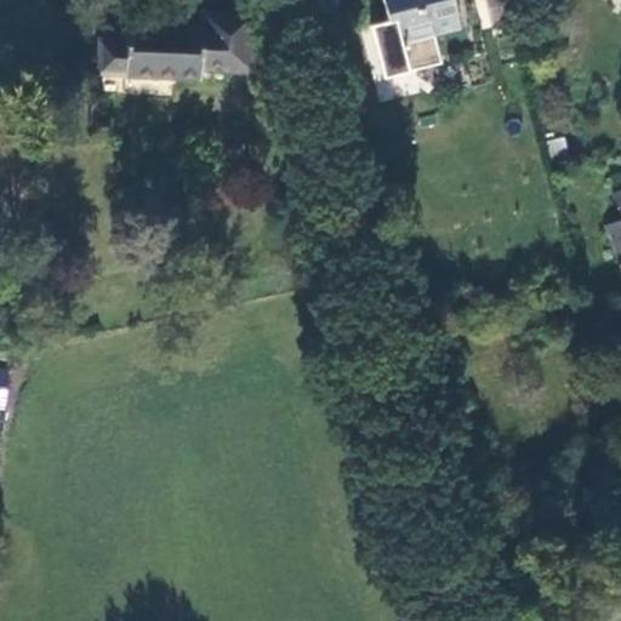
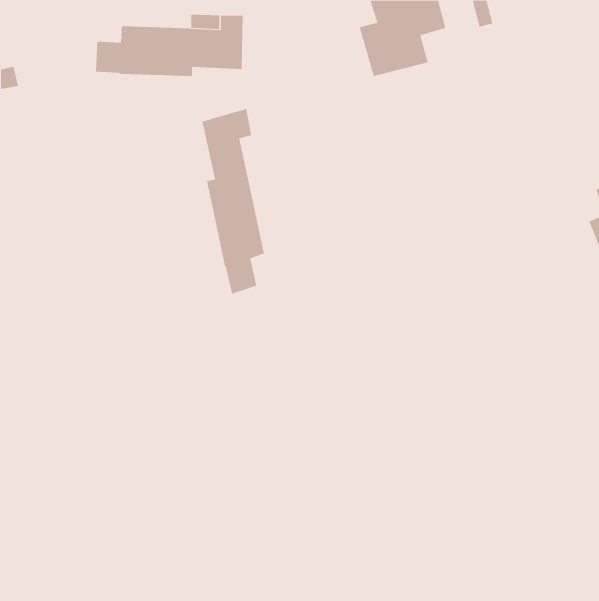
building: none -> [202,108,264,294]

